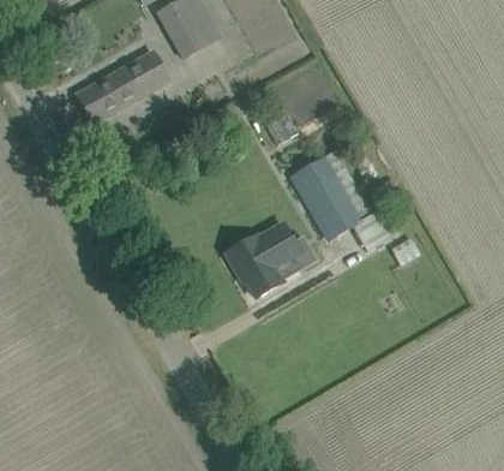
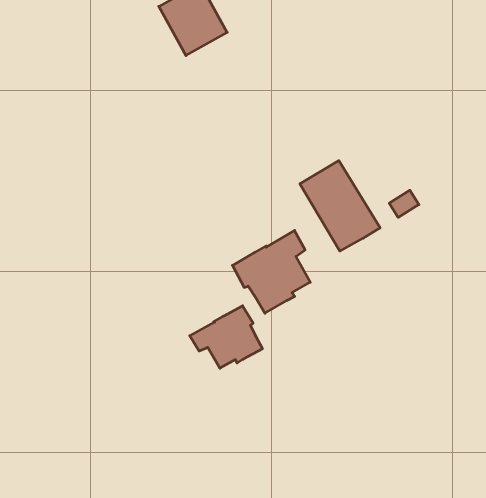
building: [77,50,170,124] -> none
building: none -> [190,306,262,368]

